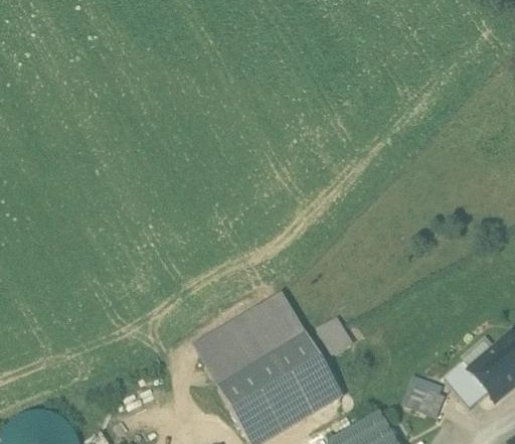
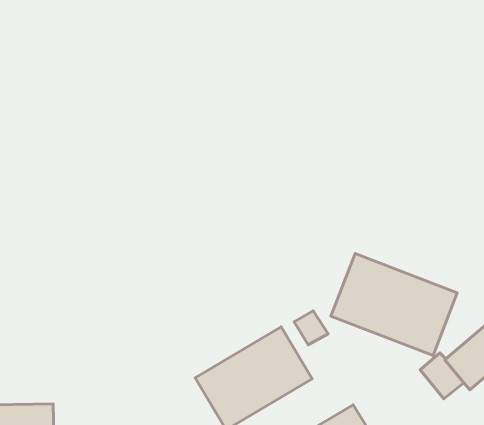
building: none -> [331,253,457,355]
building: [195,295,307,388] -> none
building: [412,387,446,416] -> none

